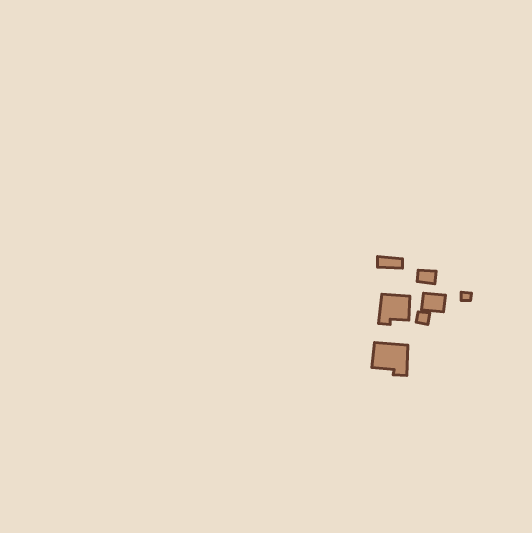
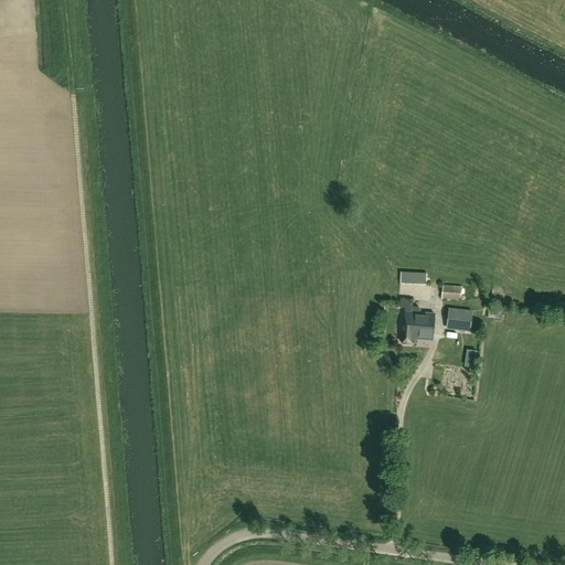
building: [372,343,408,376] -> none

